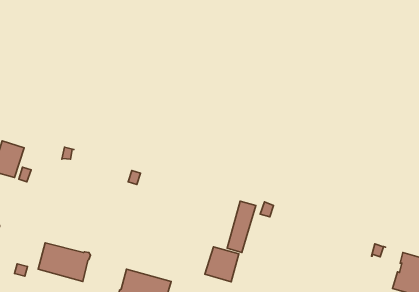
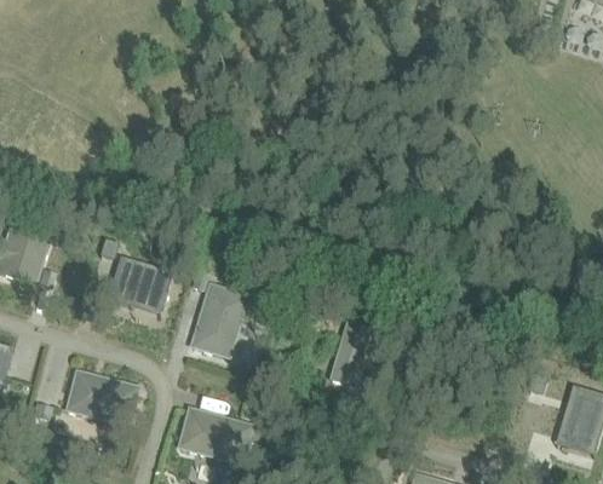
building: none -> [107,257,172,306]
building: none -> [190,286,247,351]
building: [205,247,239,282] -> none

